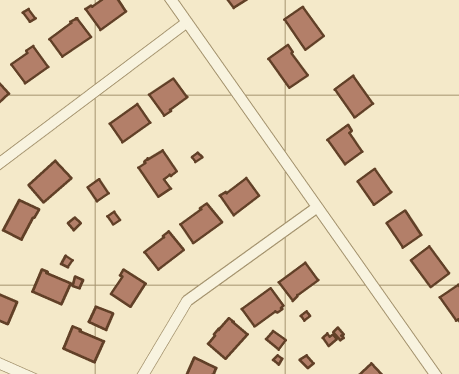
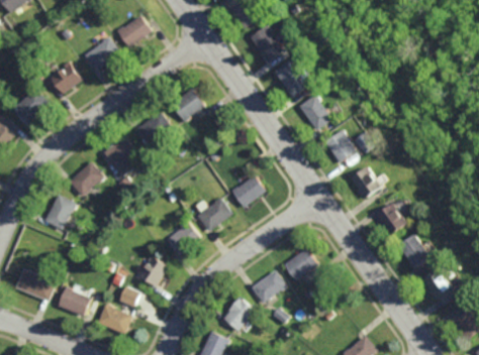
building: [284,7,324,50] -> [251,24,285,62]
building: [335,76,373,117] -> [300,94,333,130]
building: [138,150,177,197] -> [104,135,137,175]
building: [32,270,71,304] -> [57,286,90,317]

